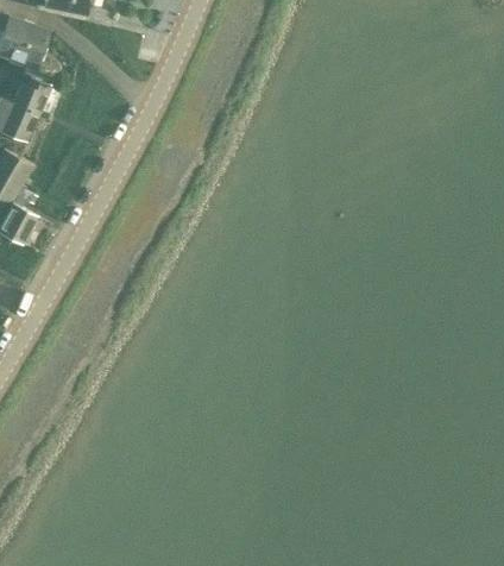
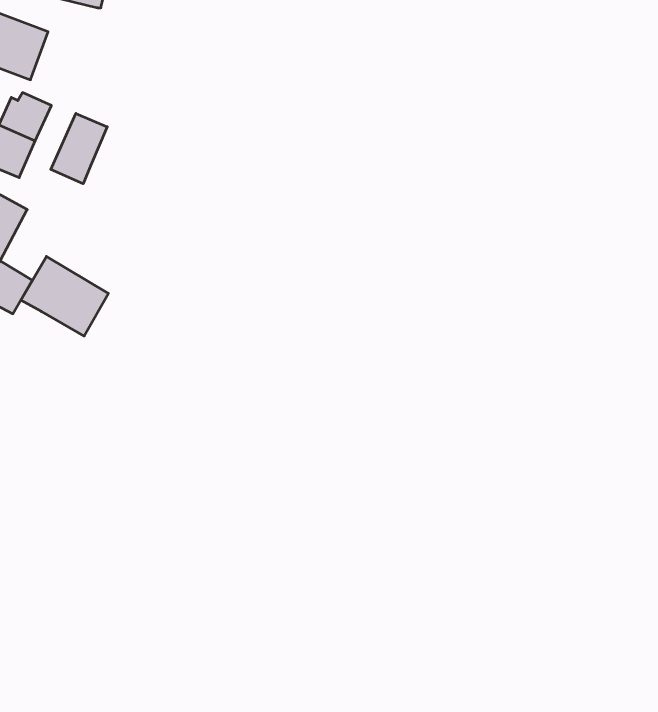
building: none -> [51,113,107,184]
building: none -> [21,256,108,336]

